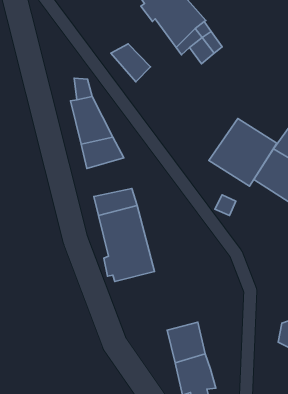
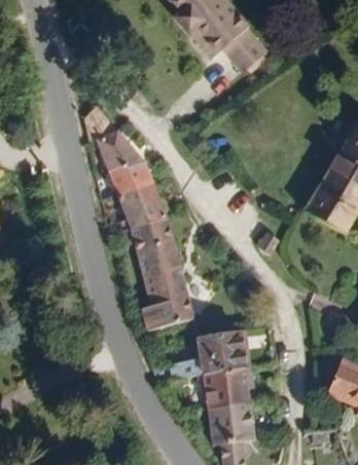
building: [111,44,150,82] -> none
building: [209,118,277,186] -> none
building: none -> [112,181,164,225]
building: none -> [172,330,239,383]

